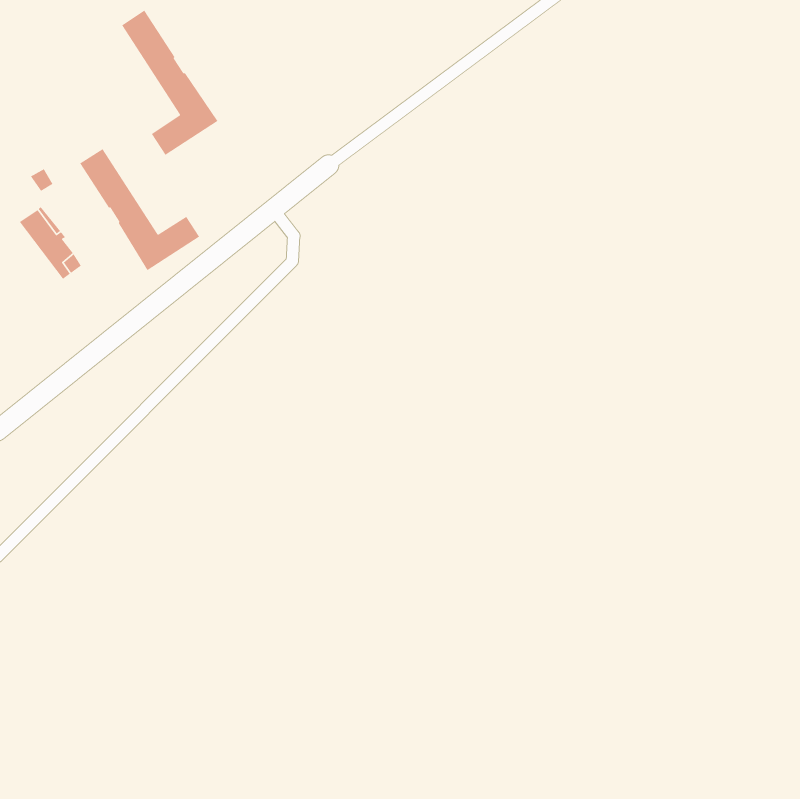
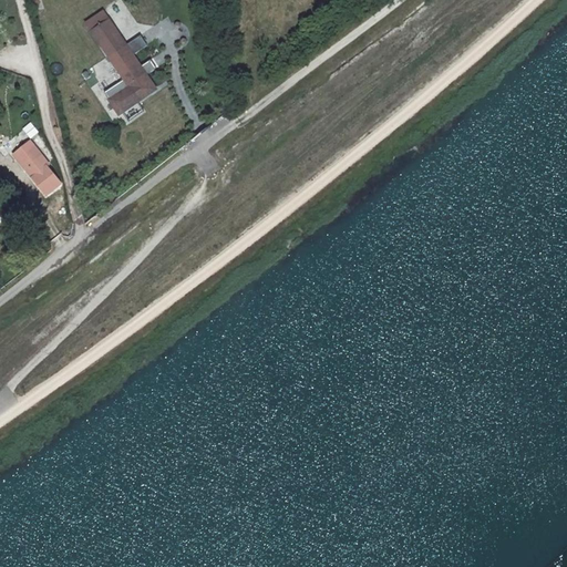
building: [79,148,200,271] -> none

